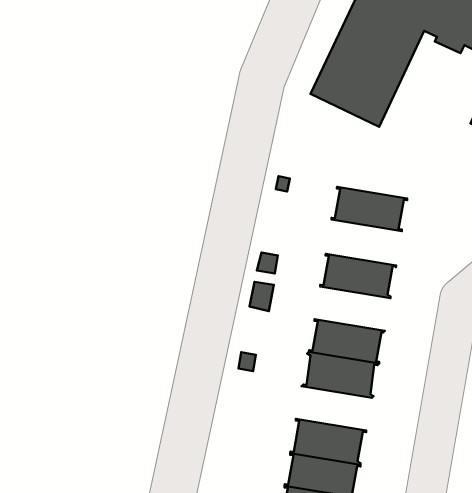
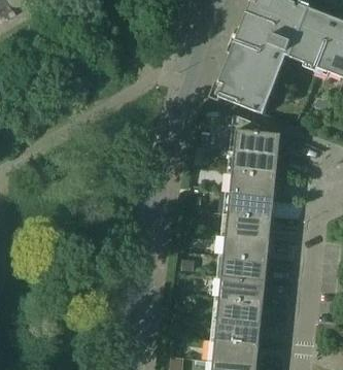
building: none -> [232,115,281,157]
building: none -> [231,173,277,199]
building: none -> [227,215,273,240]
building: none -> [219,278,266,303]

